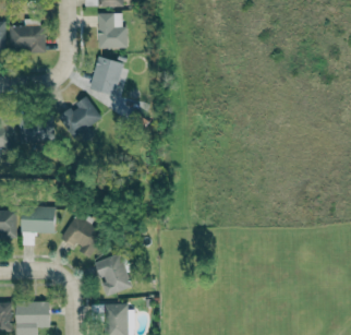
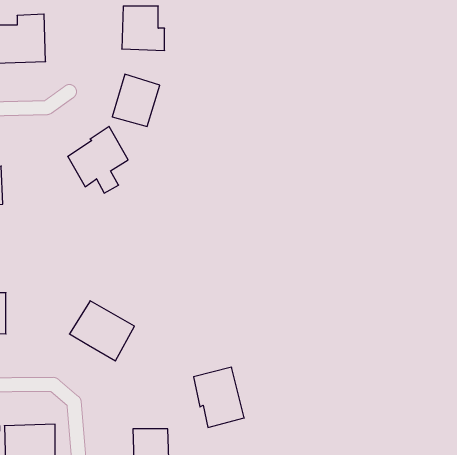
building: [19,119,52,143] -> none
building: [21,206,56,234] -> none
building: [95,254,130,296] -> [194,367,244,427]

